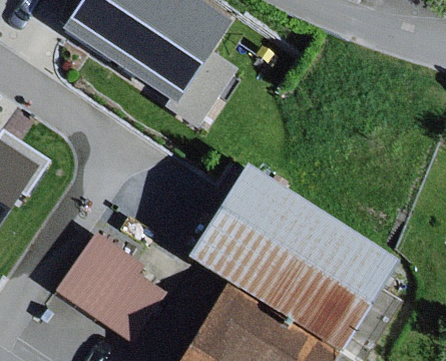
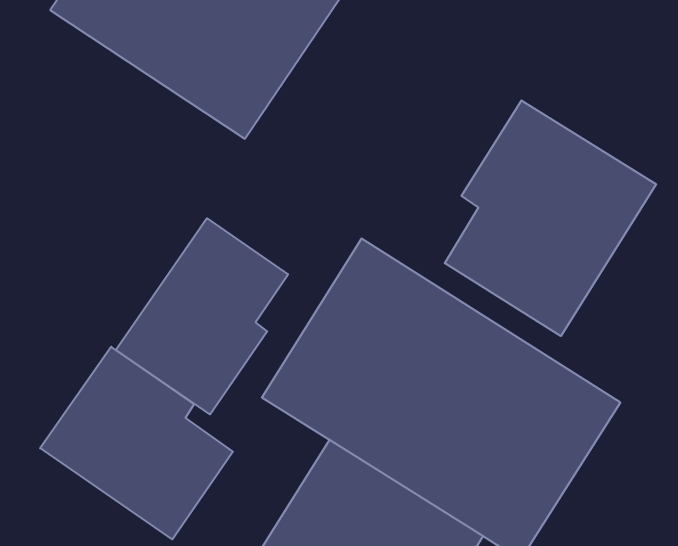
building: none -> [445,100,656,336]
building: none -> [116,218,288,414]

